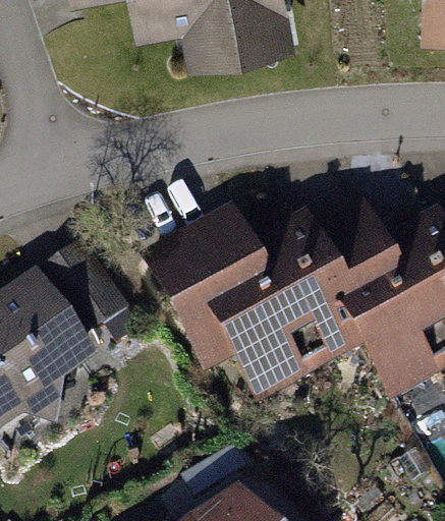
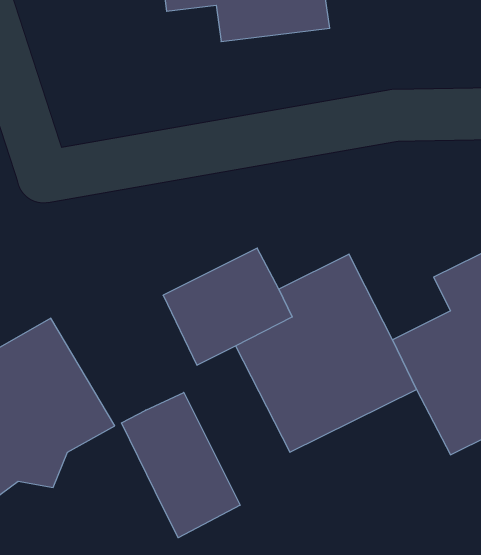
building: [314,213,393,298] -> none
building: none -> [121,392,240,538]

